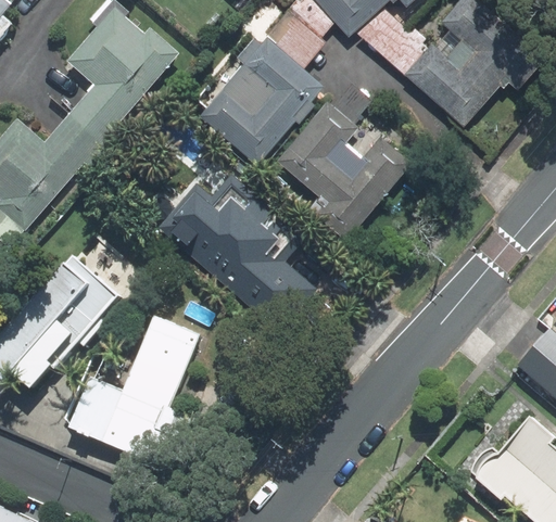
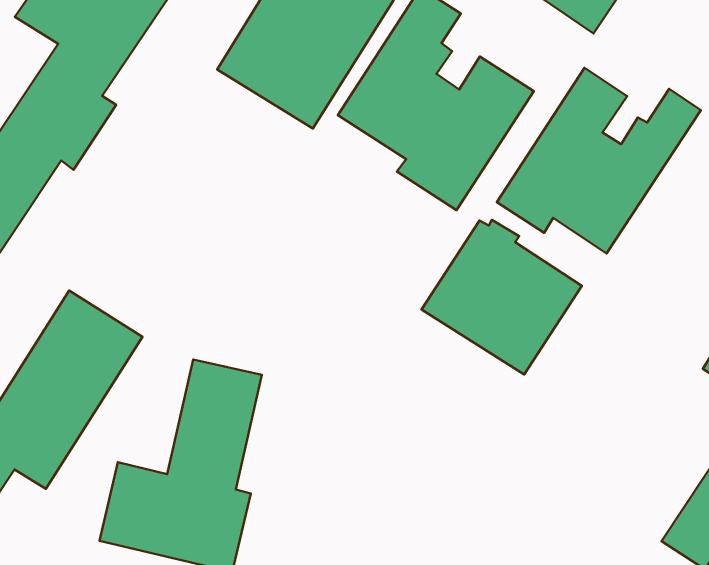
building: none -> [497,68,701,254]
building: [154,173,312,331] -> none
building: none -> [422,220,582,375]

